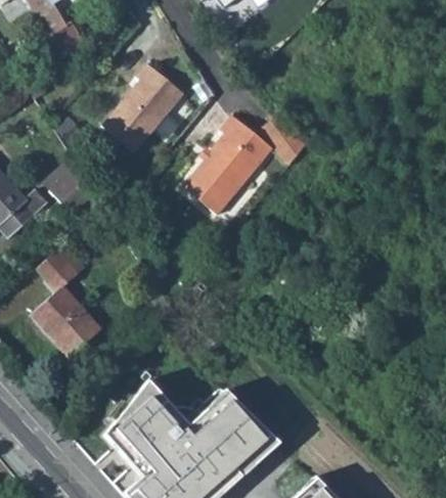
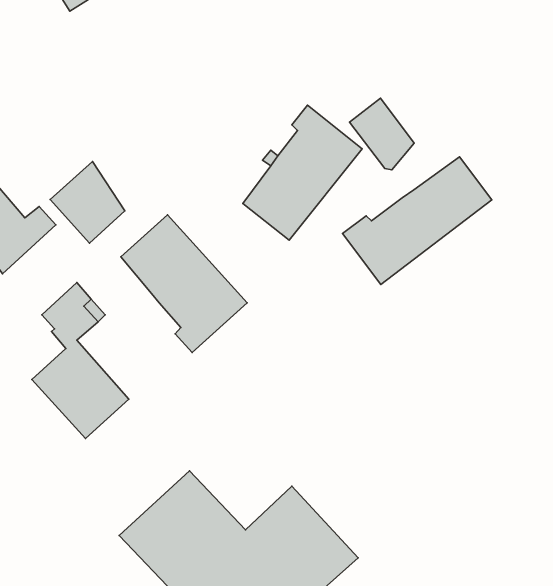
building: [104,63,186,152] -> none
building: none -> [342,157,492,284]
building: none -> [121,215,247,353]

